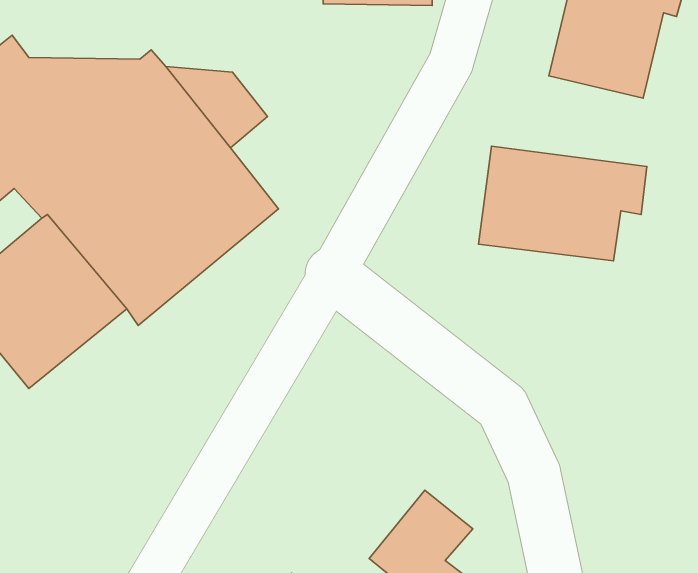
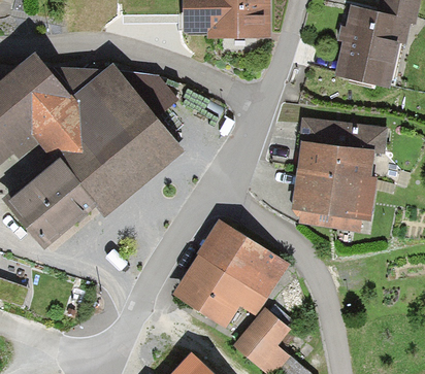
building: none -> [290,170,375,231]
building: none -> [171,218,289,330]

